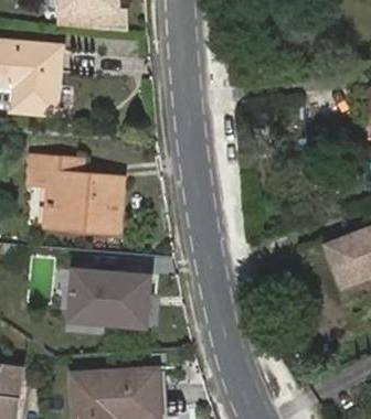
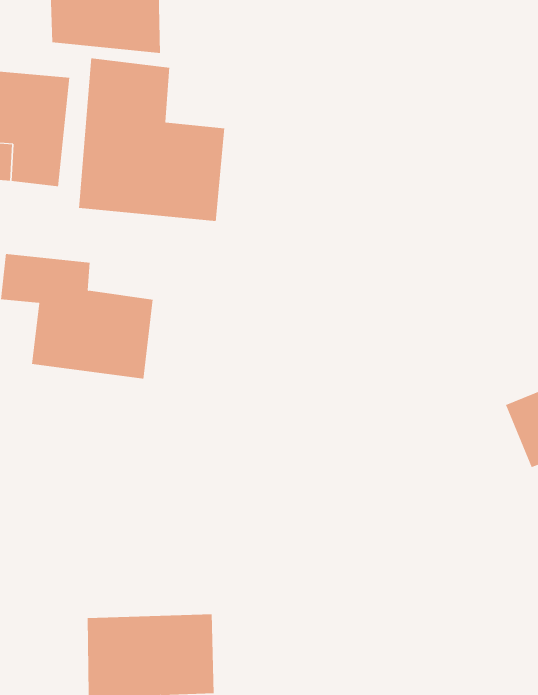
building: none -> [78,58,225,222]
building: [70,269,150,327] -> none

